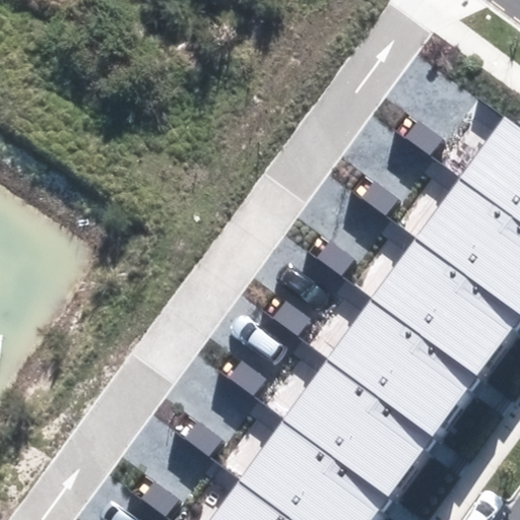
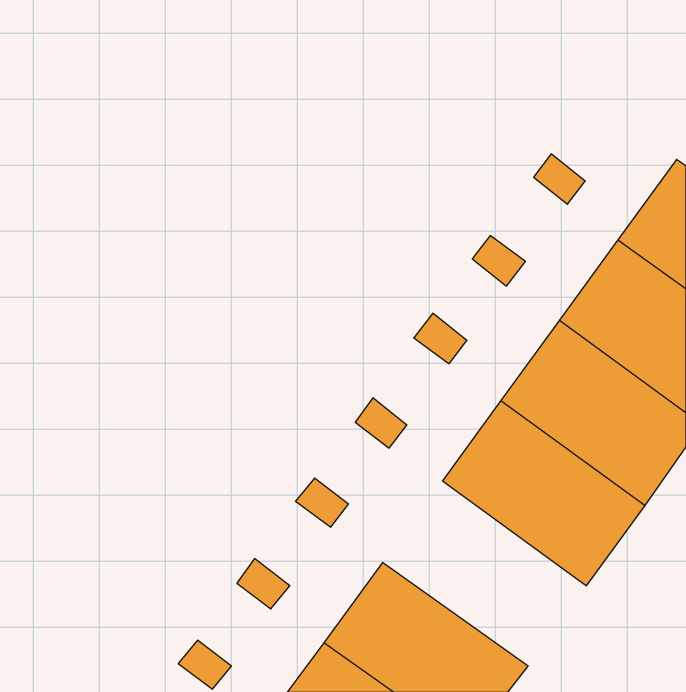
building: [285,359,438,497] -> none

